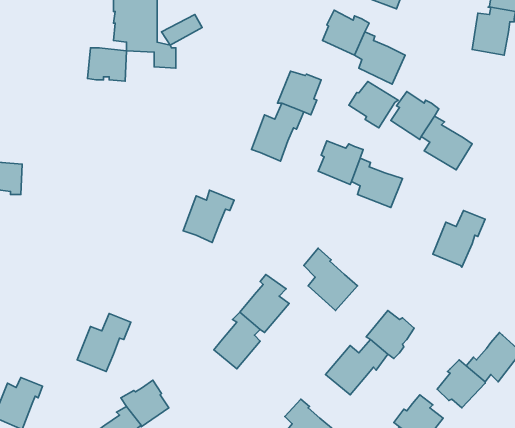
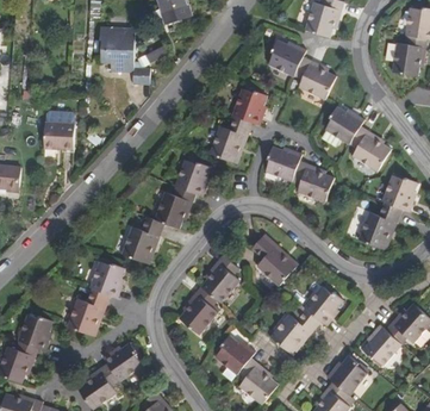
building: [87,48,127,81] -> [44,122,76,149]
building: [349,81,398,128] -> none
building: none -> [173,158,212,195]
building: none -> [379,174,416,212]
building: none -> [120,216,163,263]
building: none -> [88,260,123,297]
building: none -> [17,312,52,350]
building: none -> [213,334,254,374]

